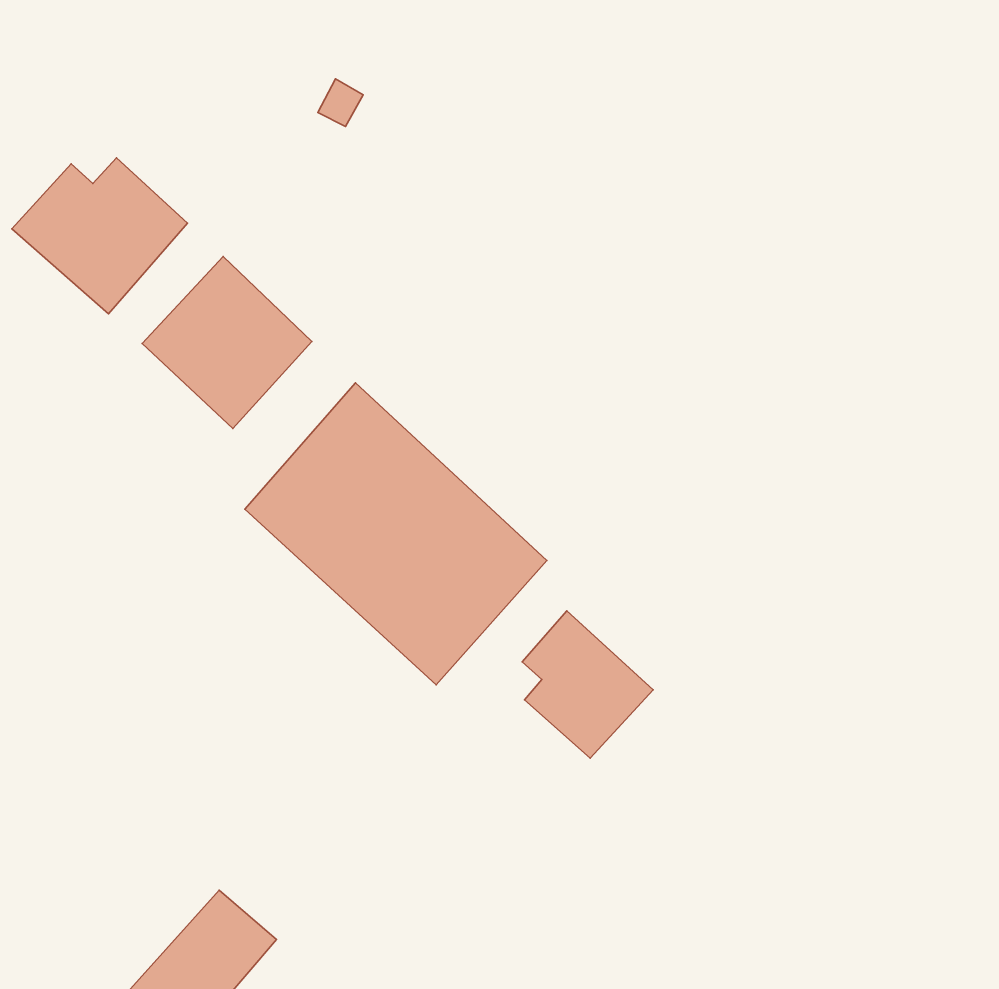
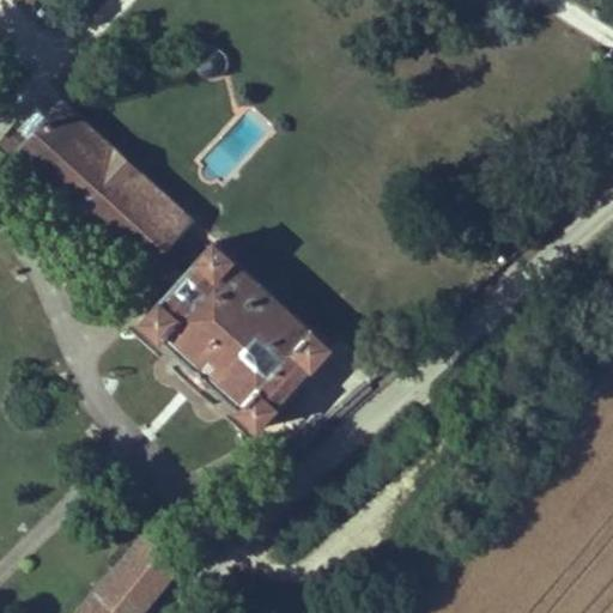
building: none -> [66,147,135,220]
building: [522,611,653,758] -> none

